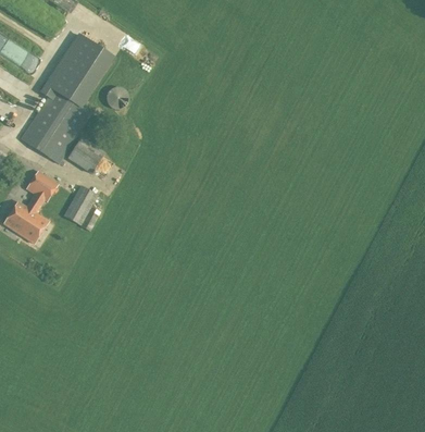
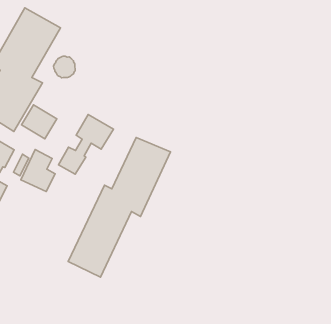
building: none -> [58,114,114,174]
building: none -> [68,138,170,277]

